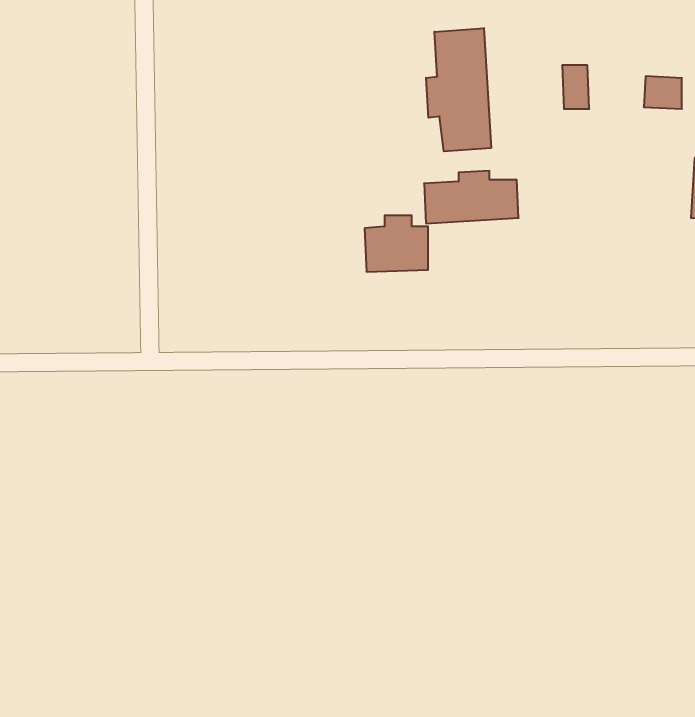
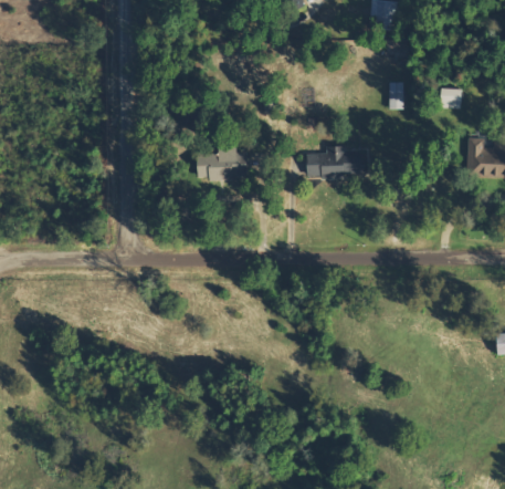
building: [426,28,491,151] -> none
building: [365,215,428,272] -> [208,146,246,180]

